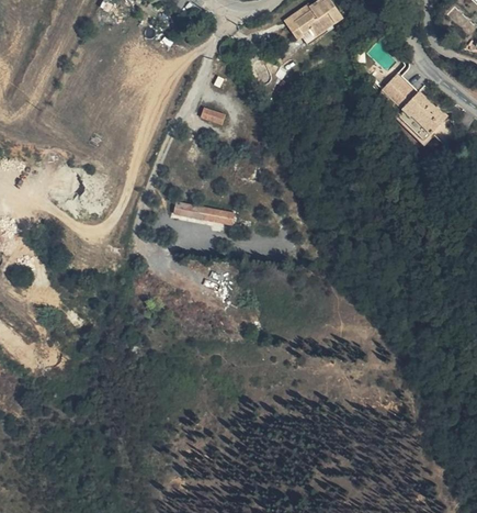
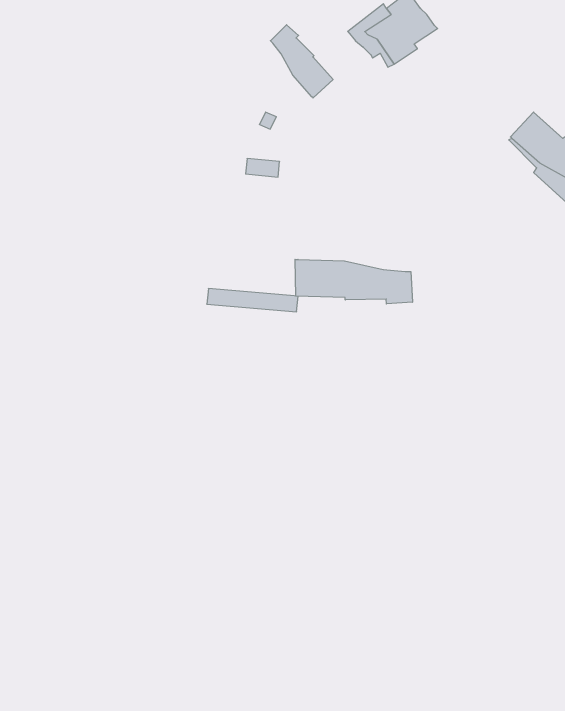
building: none -> [270,25,333,98]
building: none -> [295,259,412,304]

